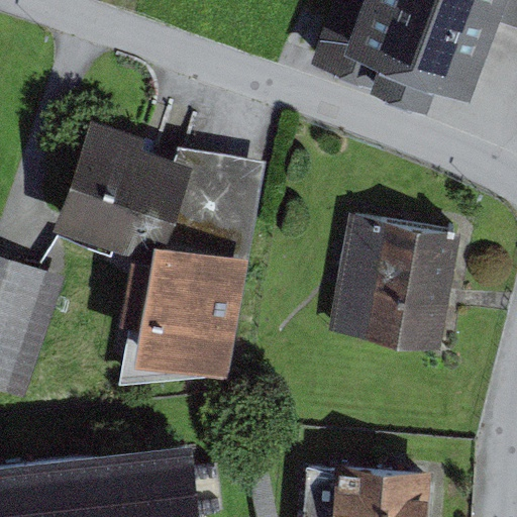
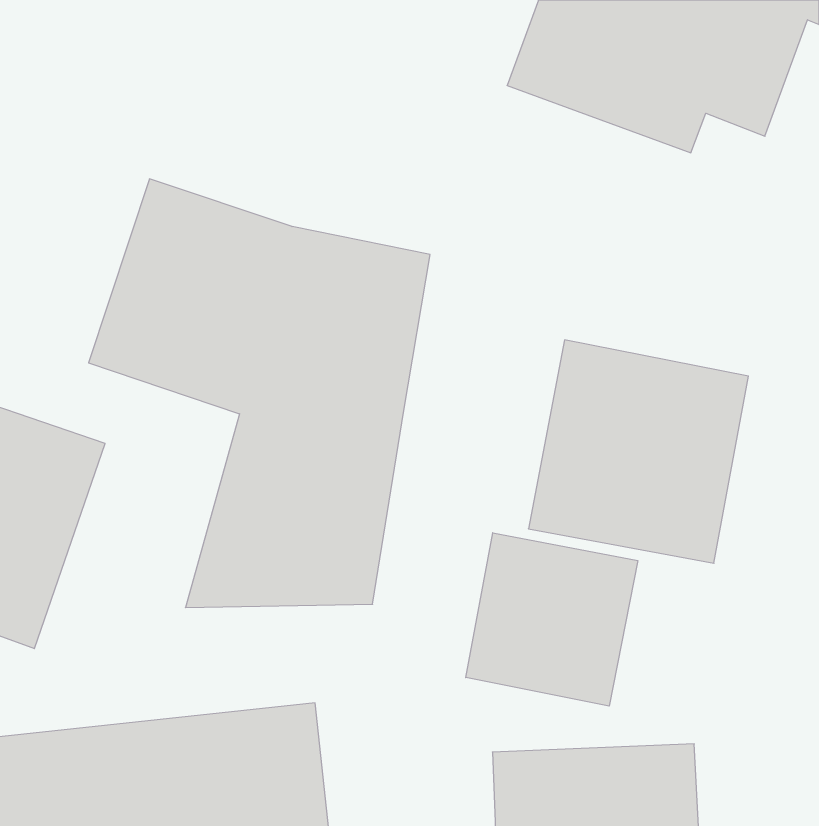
building: none -> [466,533,638,706]

